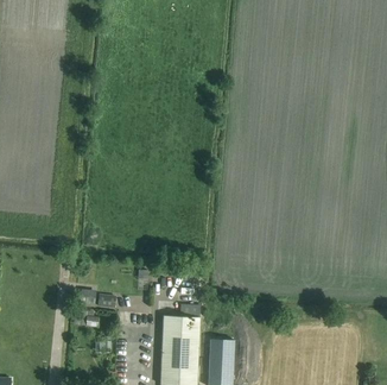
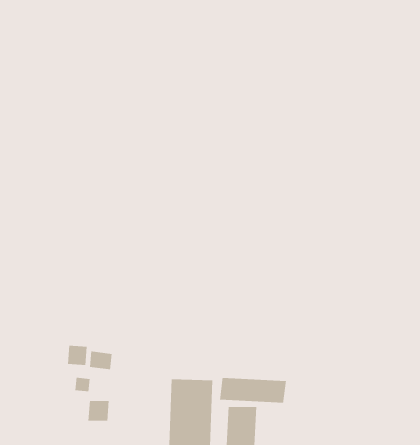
building: none -> [219,377,286,403]

